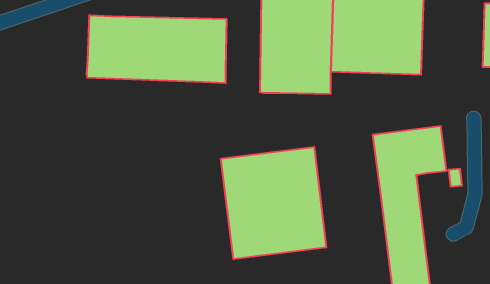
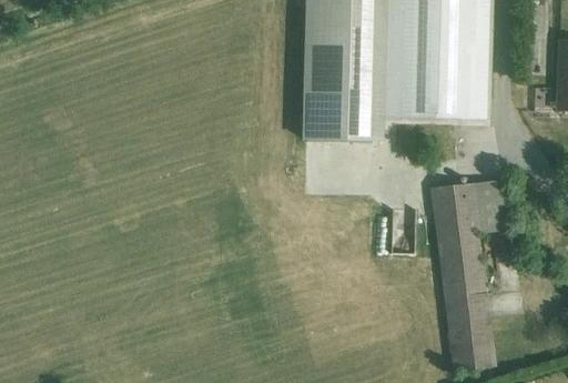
building: [87,15,226,83] -> none
building: [221,147,326,259] -> none

